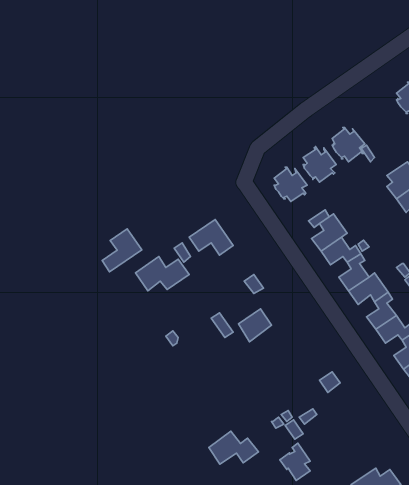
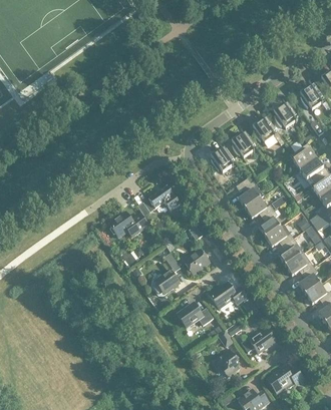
building: none -> [272,101,297,126]
building: [102,229,142,272] -> none
building: none -> [151,269,179,294]
building: none -> [207,280,246,307]
building: none -> [240,326,275,352]
building: [209,431,258,464] -> [177,301,213,325]

